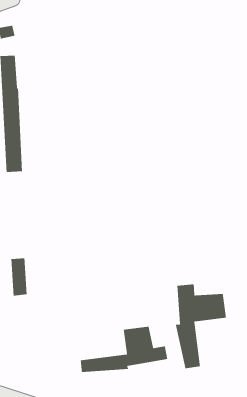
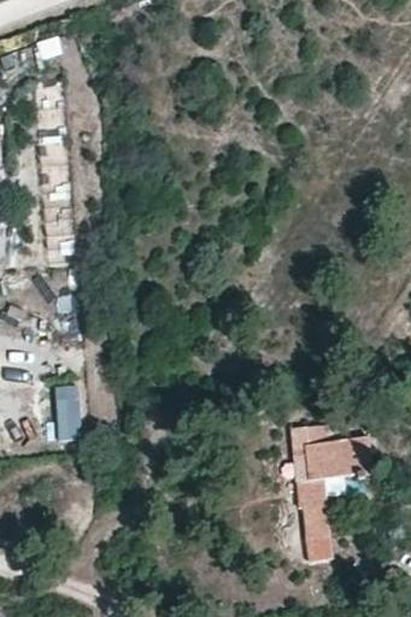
building: [80,326,168,373] -> none

